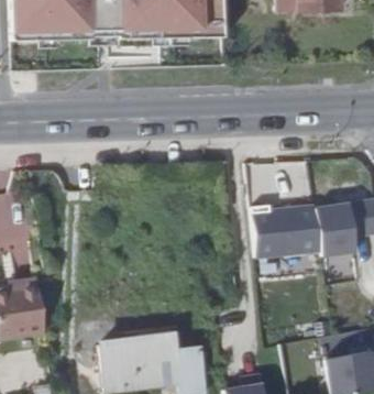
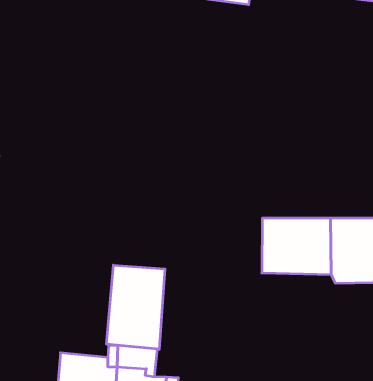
building: none -> [106,265,165,349]

